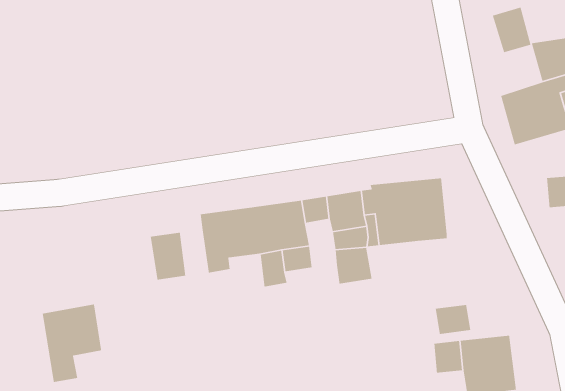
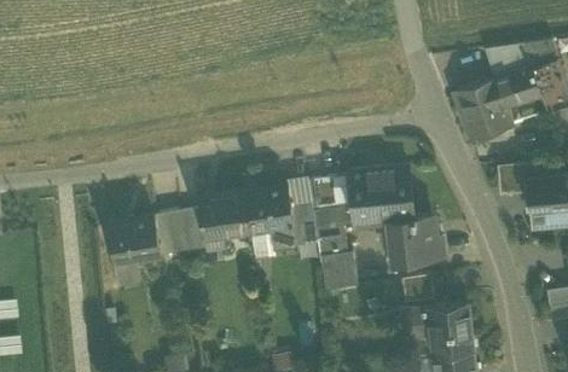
building: [492,7,531,53] -> none
building: none -> [290,204,317,246]
building: none -> [181,211,205,254]
building: none -> [388,216,442,265]
building: none -> [319,256,357,293]
building: [42,303,102,383] -> [109,217,161,286]

